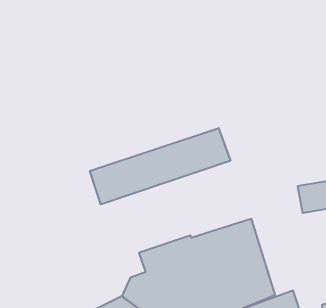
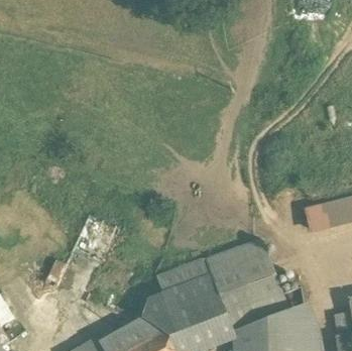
building: [90,128,230,204] -> none

